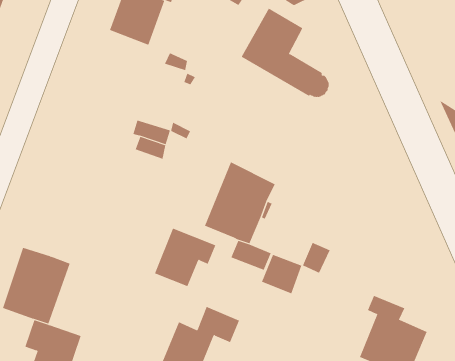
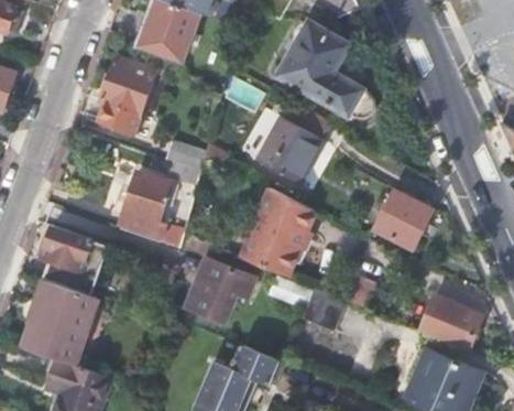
building: none -> [98,56,154,132]
building: none -> [258,104,327,183]
building: none -> [120,172,184,247]
building: none -> [375,190,433,248]
building: none -> [41,226,91,290]
building: none -> [422,296,483,351]

